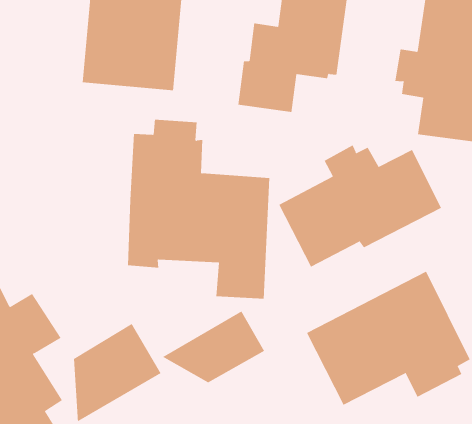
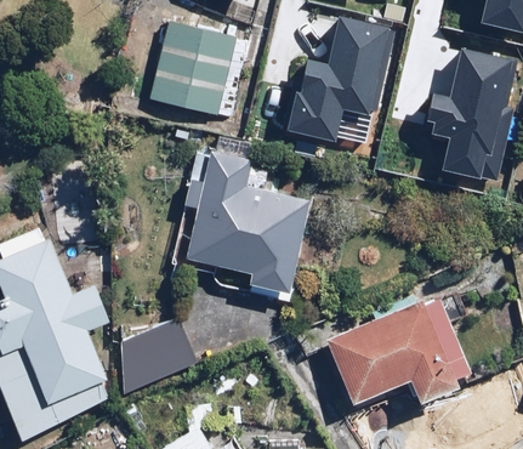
building: [279,145,442,267] -> none
building: [162,311,265,383] -> none

